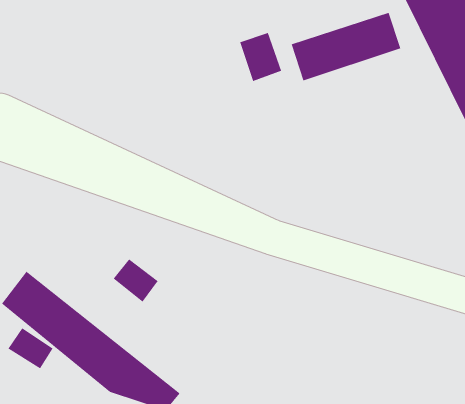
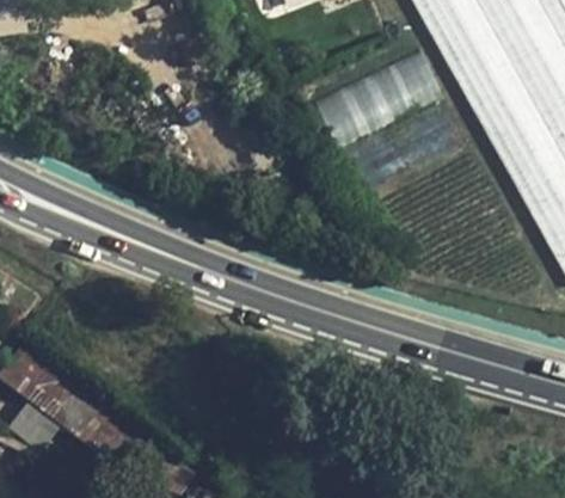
building: [240,32,282,82] -> none
building: [113,258,158,302] -> none

